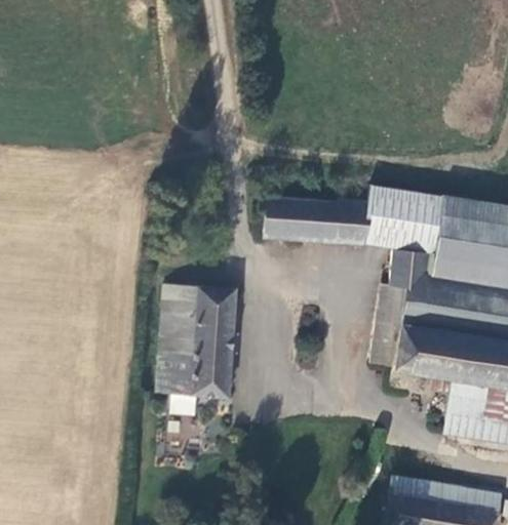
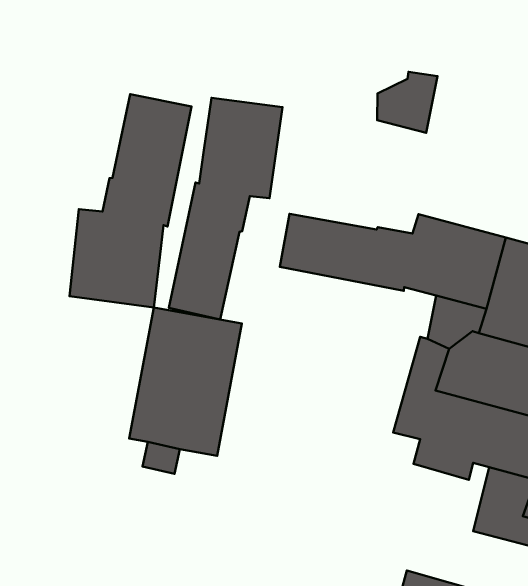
building: none -> [377,72,438,133]
building: none -> [169,98,282,319]
building: none -> [69,94,192,307]

